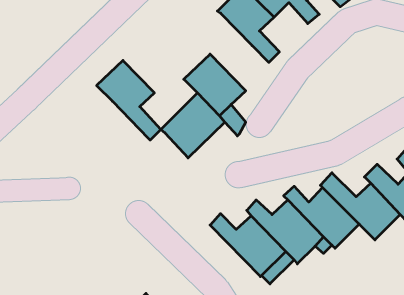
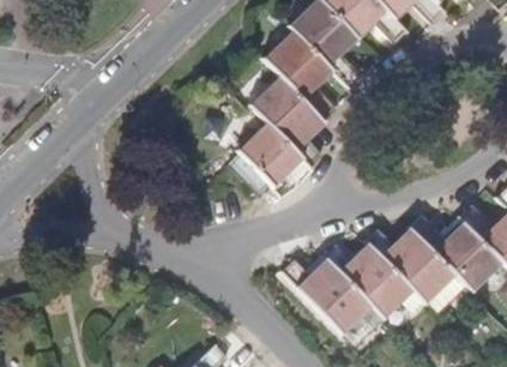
building: [97,60,161,140] -> [264,30,337,121]

